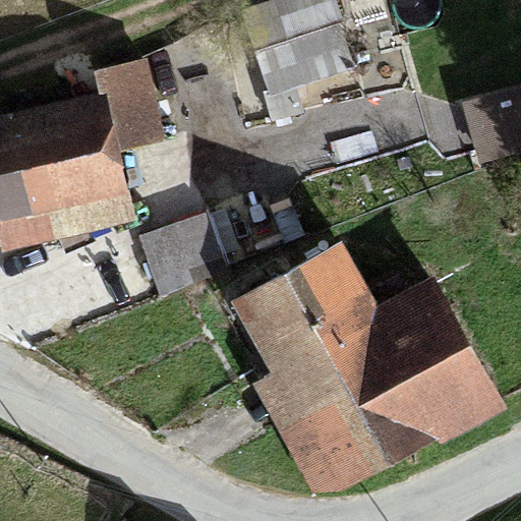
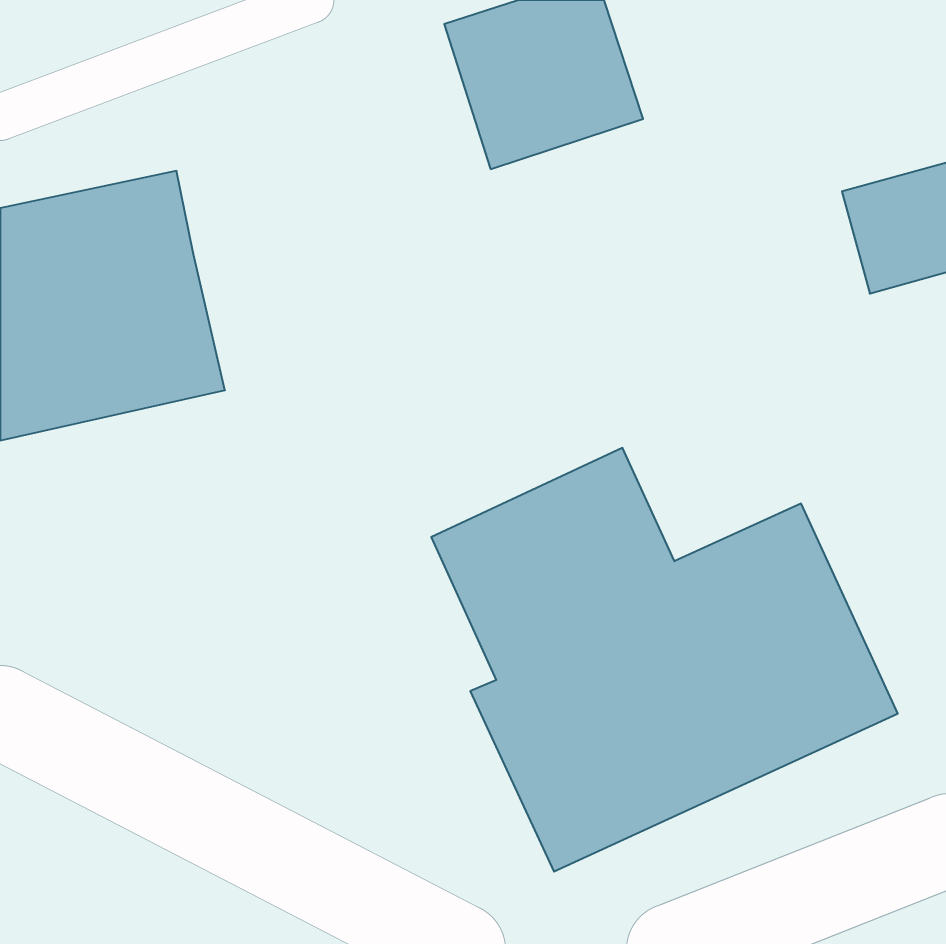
building: [93,63,157,141] -> none
building: [144,216,225,294] -> none

